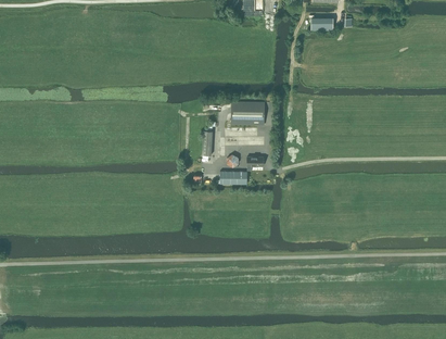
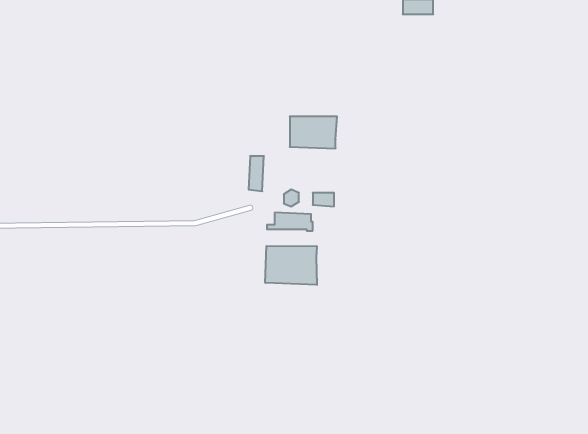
building: none -> [265,246,317,285]

